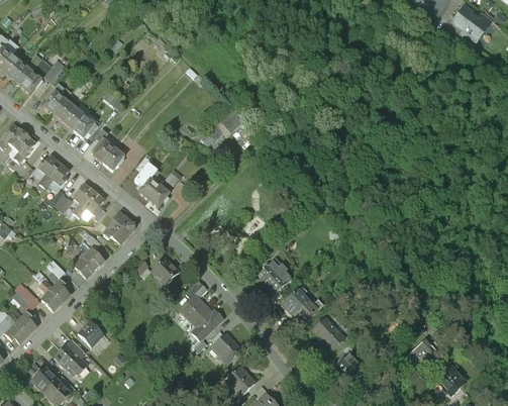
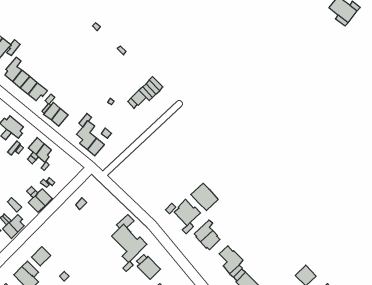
building: [103,212,133,242] -> none
building: none -> [191,183,218,211]
building: [150,257,179,283] -> none

